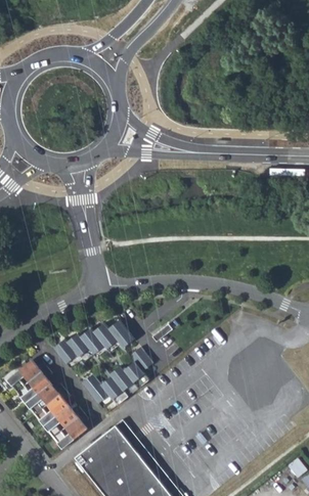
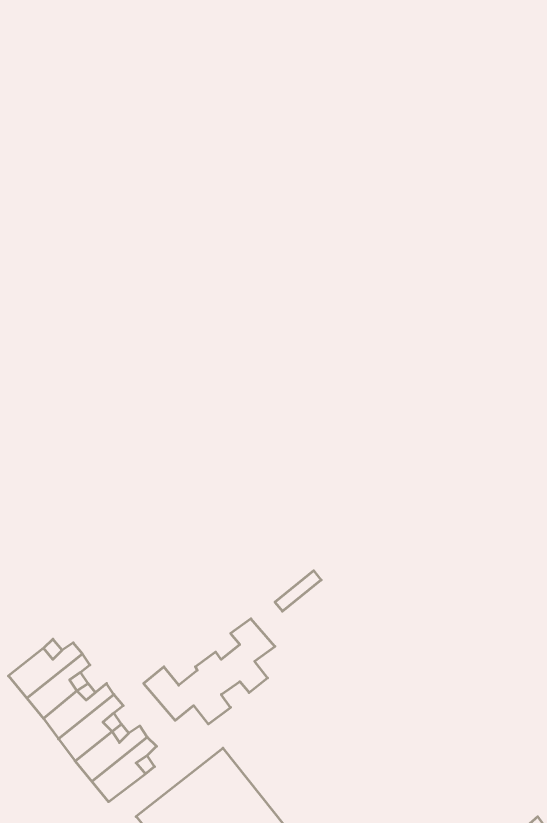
building: [52,319,133,368] -> none

